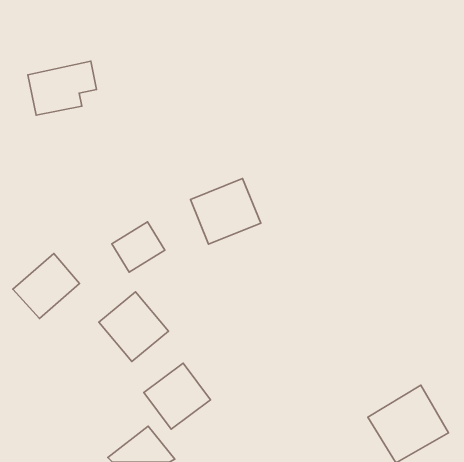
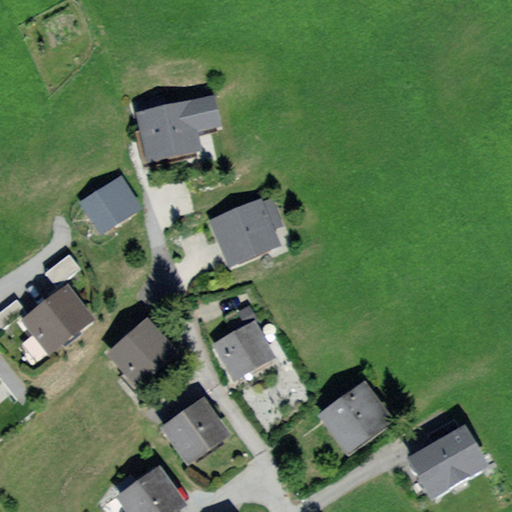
building: [28,61,96,115] -> [137,97,212,156]
building: [112,222,165,272] -> [81,179,139,234]
building: none -> [217,314,285,381]
building: none -> [316,374,398,454]

